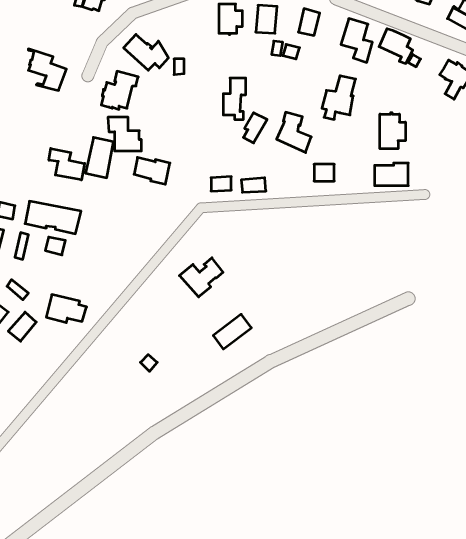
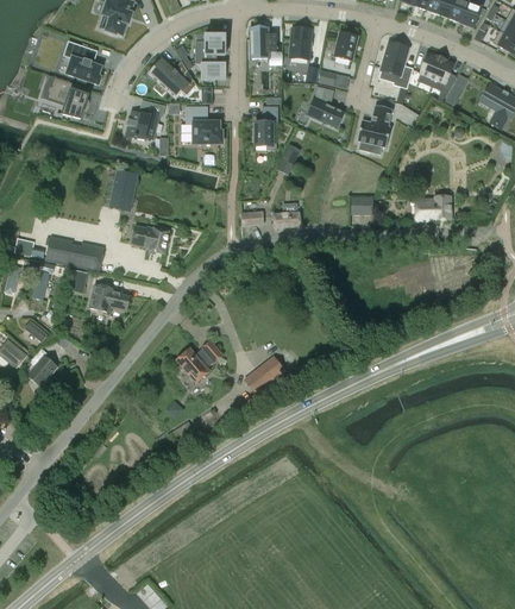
building: none -> [195,36,225,79]
building: none -> [67,45,101,84]
building: [277,112,311,153] -> [307,86,344,128]
building: [380,113,405,149] -> none
building: [108,117,141,151] -> [186,107,221,143]
building: [49,148,85,180] -> none
building: [134,157,170,184] -> [131,225,169,253]
building: [179,258,223,297] -> [175,340,221,382]
building: [46,295,87,323] -> [88,283,131,313]

